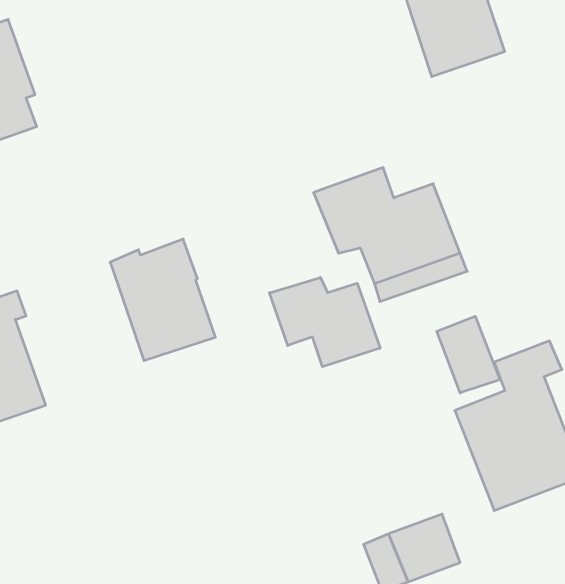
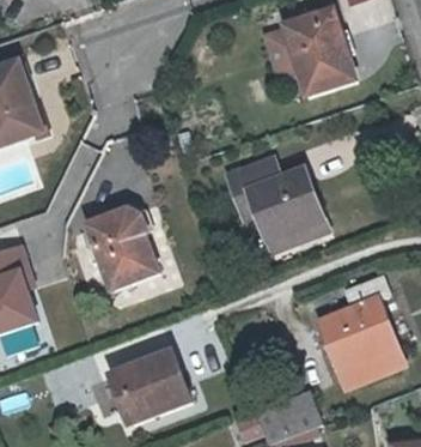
building: [269,277,380,367] -> none
building: [437,316,500,393] -> none
building: none -> [112,351,191,423]

